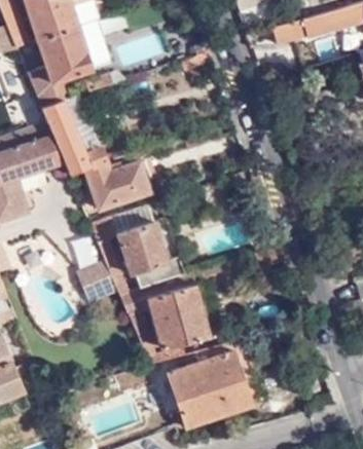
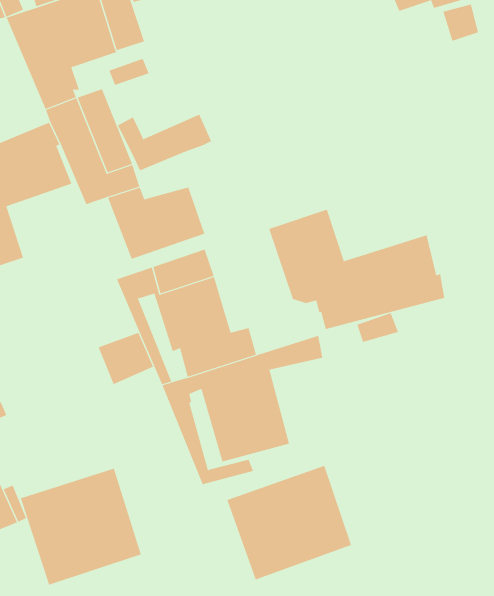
building: none -> [117,114,212,171]
building: none -> [269,209,445,330]
building: none -> [20,468,142,586]

